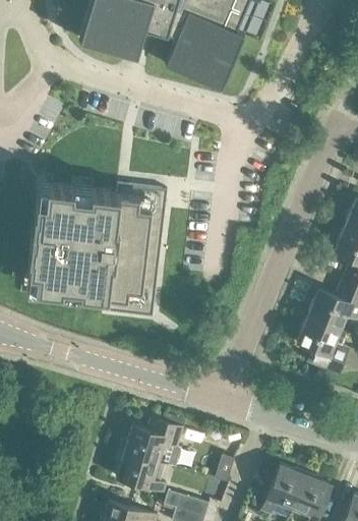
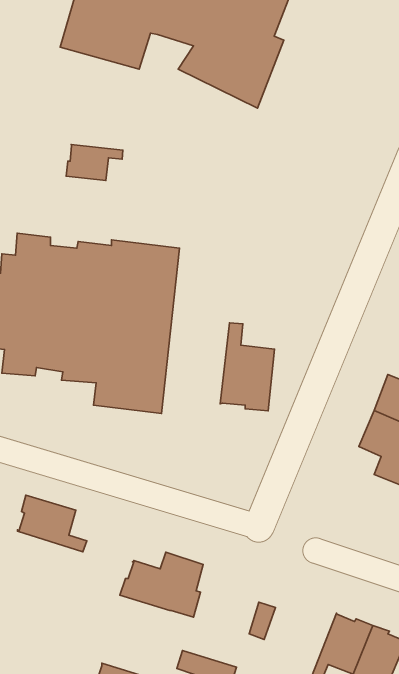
building: none -> [66,144,123,180]
building: none -> [220,323,275,411]
building: [116,450,167,491] -> [17,495,87,552]

